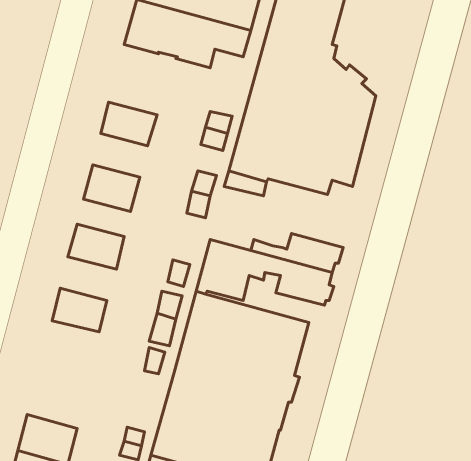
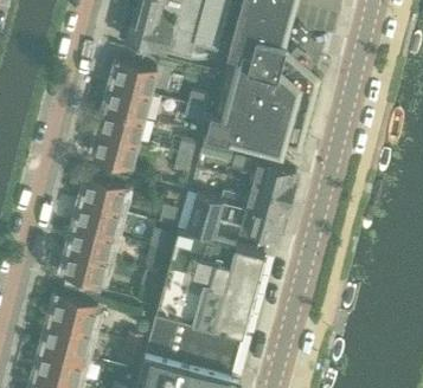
building: none -> [114,62,156,96]
building: none -> [102,110,143,143]
building: none -> [233,156,295,196]
building: none -> [77,203,120,237]
building: none -> [64,252,107,286]
building: none -> [52,295,98,334]

